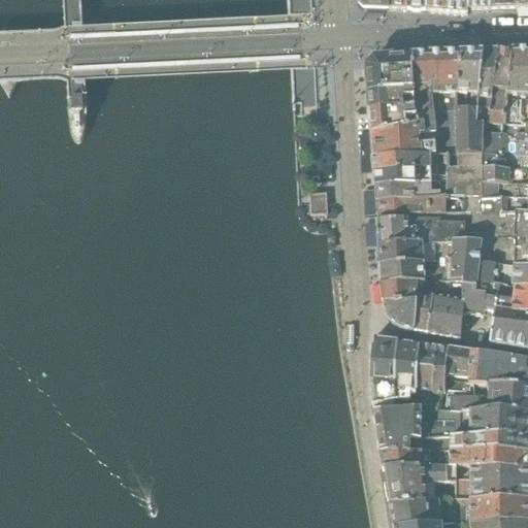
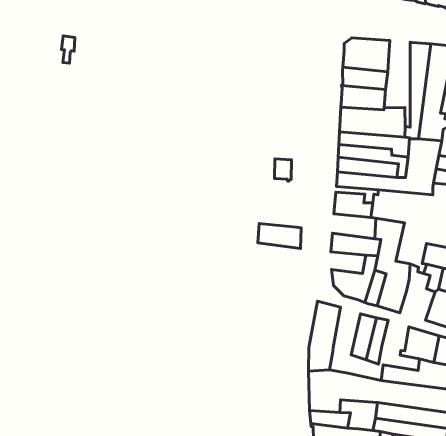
building: [415,50,448,138] -> none
building: [380,238,426,260] -> [258,223,301,248]
building: [382,278,419,298] -> none
building: [466,282,489,314] -> none
building: [396,336,421,404] -> none
building: [448,343,473,373] -> none

